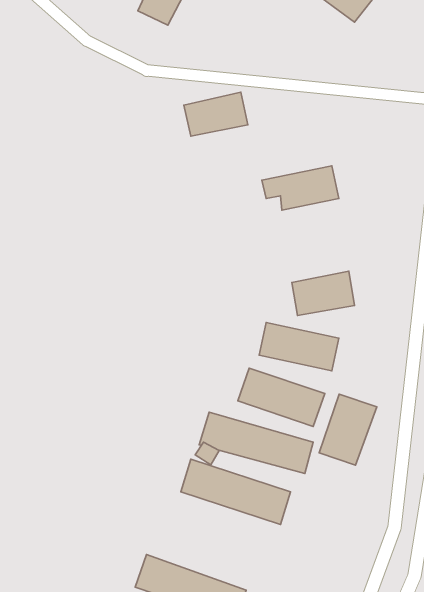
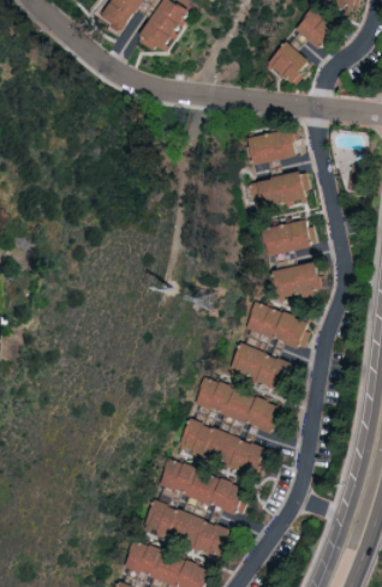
building: none -> [264,40,312,86]
building: [184,92,248,136] -> [247,127,302,164]
building: none -> [258,218,312,256]
building: [319,394,377,465] -> none
building: none -> [155,460,249,515]

